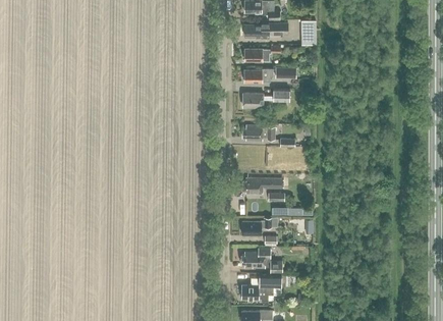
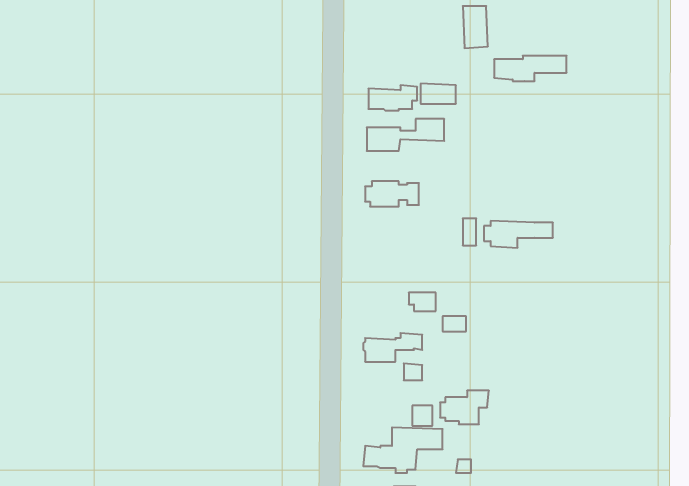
building: [243,22,287,38] -> [494,56,567,81]
building: [243,46,280,62] -> none
building: [241,177,283,194] -> [484,221,553,248]
building: [240,248,270,268] -> [440,391,489,424]

